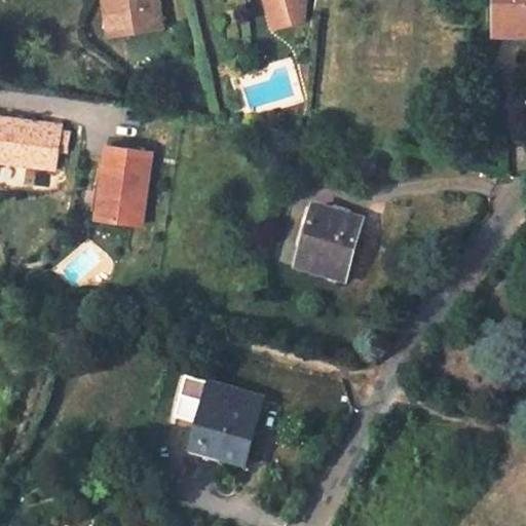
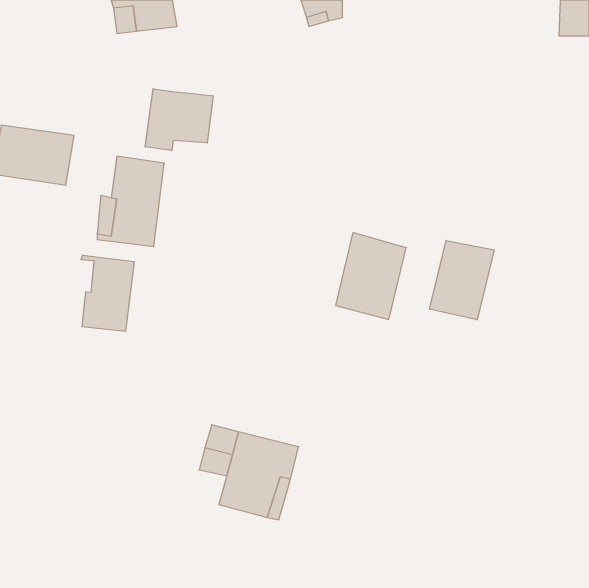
building: none -> [145,89,213,151]
building: none -> [429,240,494,320]
building: none -> [81,255,134,331]

